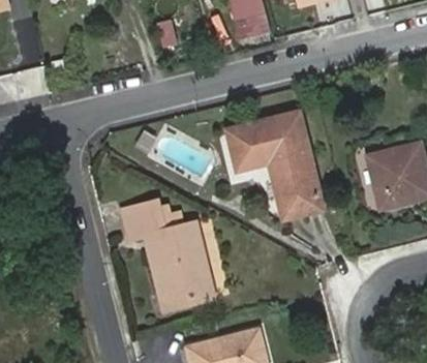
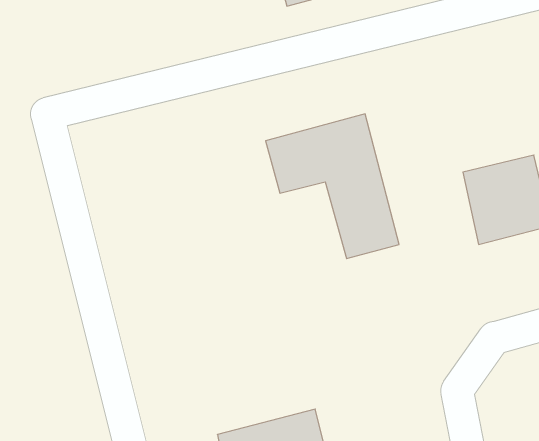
building: [121,202,216,310] -> none

